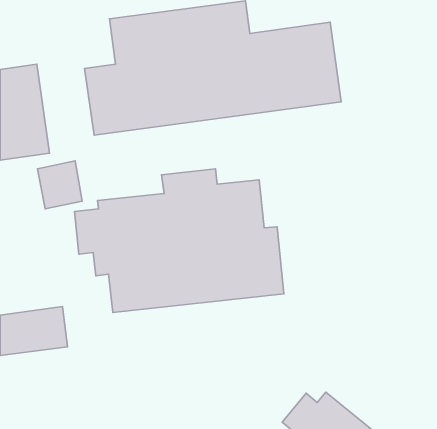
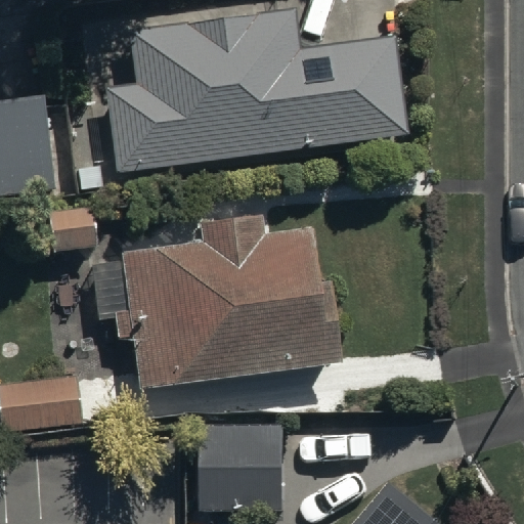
building: none -> [200,424,285,515]

